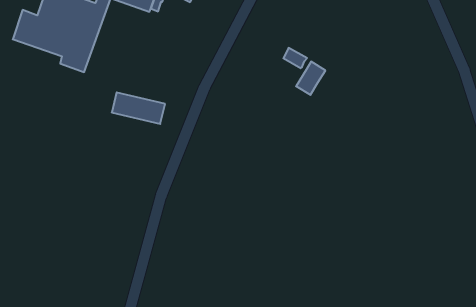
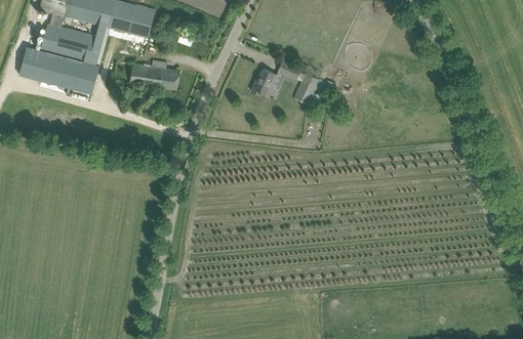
building: none -> [250,69,278,97]
building: [112,92,165,124] -> [129,63,179,90]

